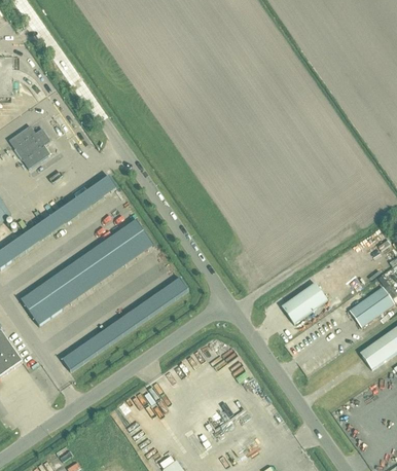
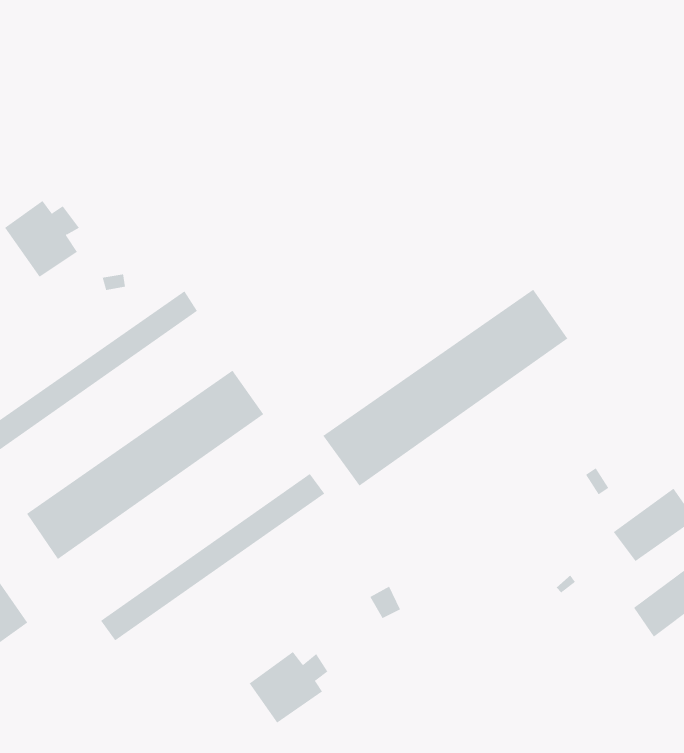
building: none -> [323,289,568,487]
building: [281,282,327,323] -> none
building: none -> [249,651,328,724]

